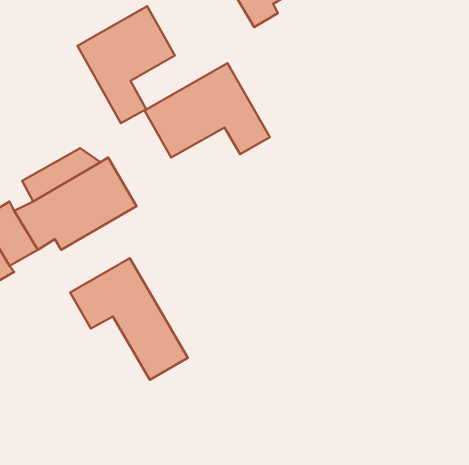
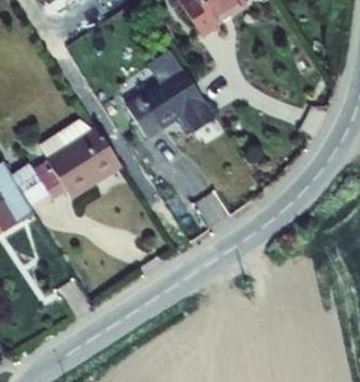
building: [78,6,175,123] -> none
building: [70,258,188,380] -> none

